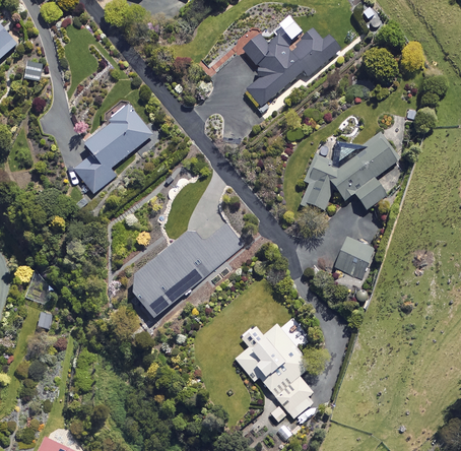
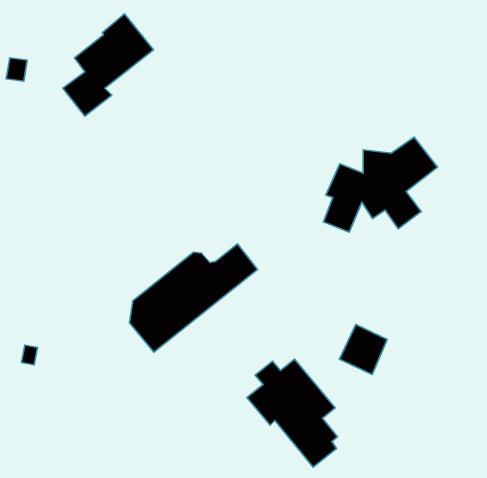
building: [241,28,343,106] -> none
building: [74,104,153,193] -> [63,14,154,116]
building: [334,237,376,280] -> [339,324,387,374]

